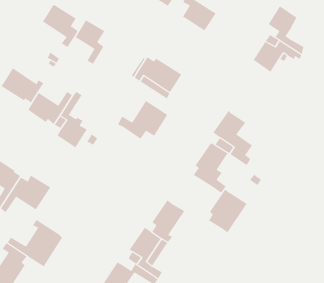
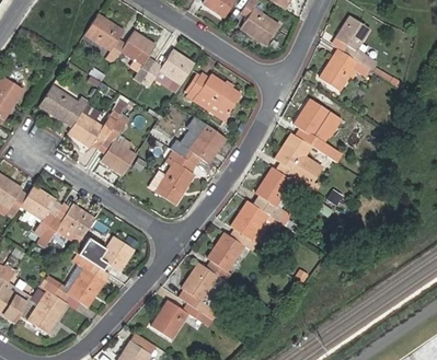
building: none -> [142,50,195,93]
building: none -> [294,100,336,156]
building: none -> [149,151,195,204]
building: [208,189,247,233] -> [230,201,274,251]
building: none -> [79,236,135,271]

